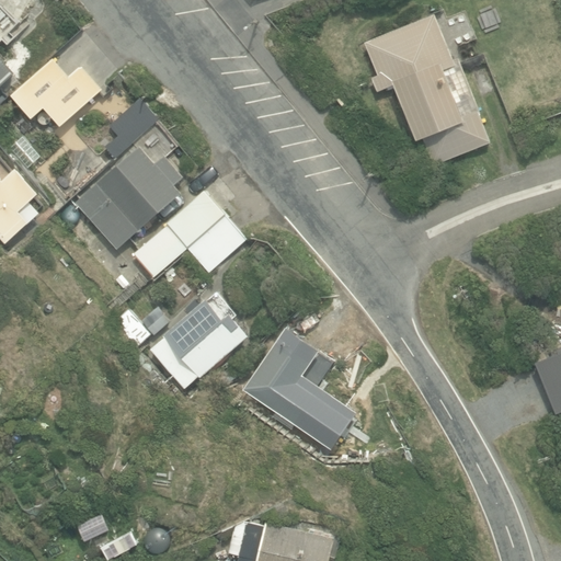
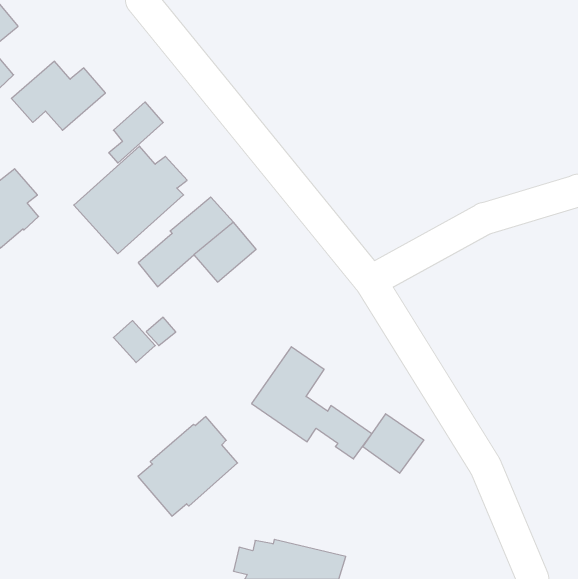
building: [364,16,489,165] -> none
building: [151,291,248,388] -> [138,417,238,516]
building: none -> [363,414,424,473]

